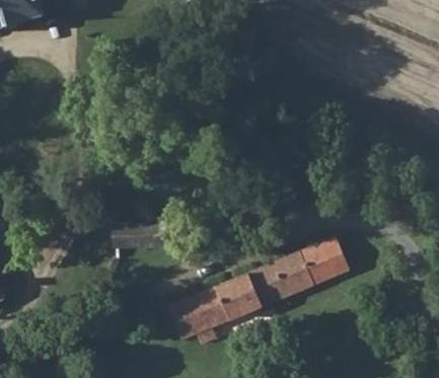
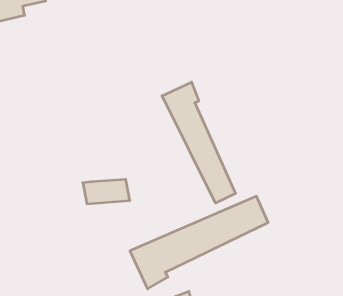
building: none -> [162,82,236,203]

